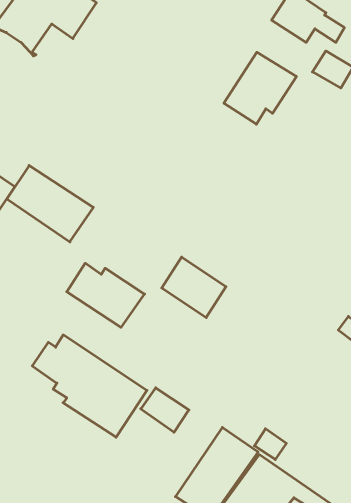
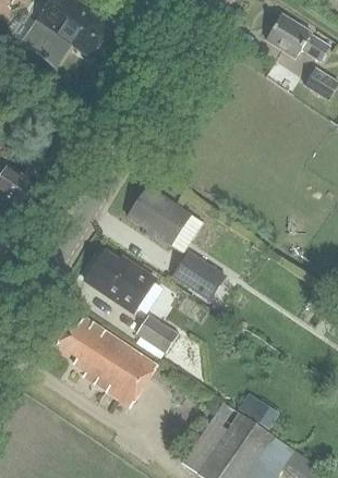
building: [224,52,296,124] -> none
building: [7,165,93,242] -> [126,185,203,253]
building: [141,388,189,432] -> [134,314,177,353]

